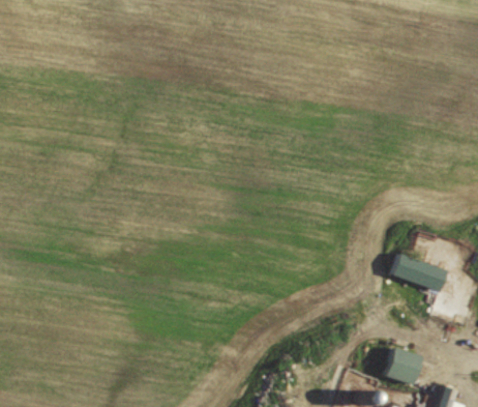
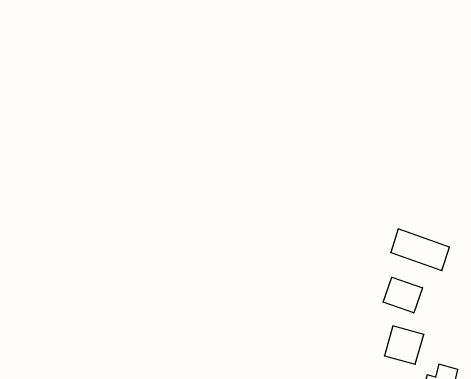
building: none -> [383,277,423,313]

